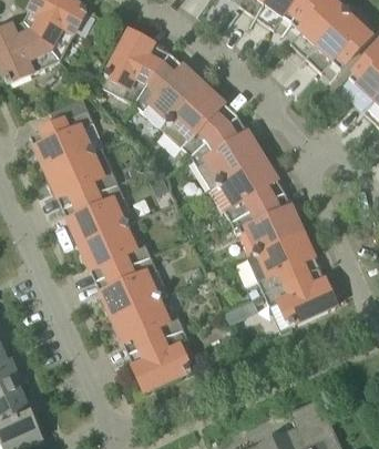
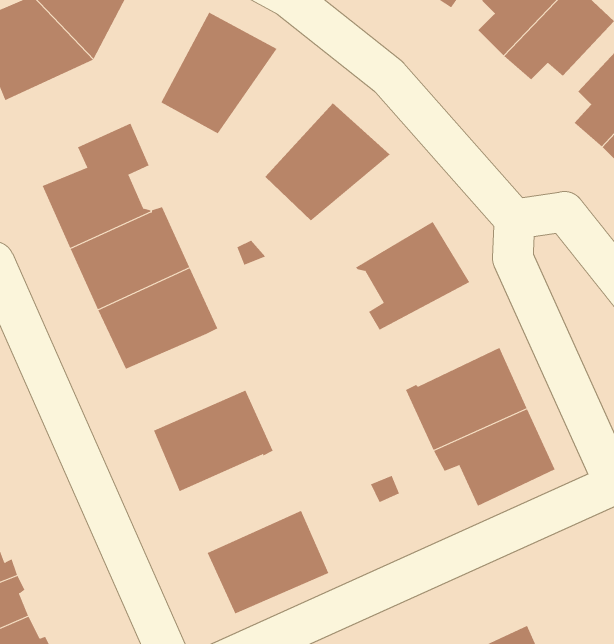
building: [134,50,203,126] -> none
building: [190,113,263,186] -> none
building: [231,190,303,252] -> none
building: [79,221,151,278] -> none
building: [111,293,184,351] -> none

